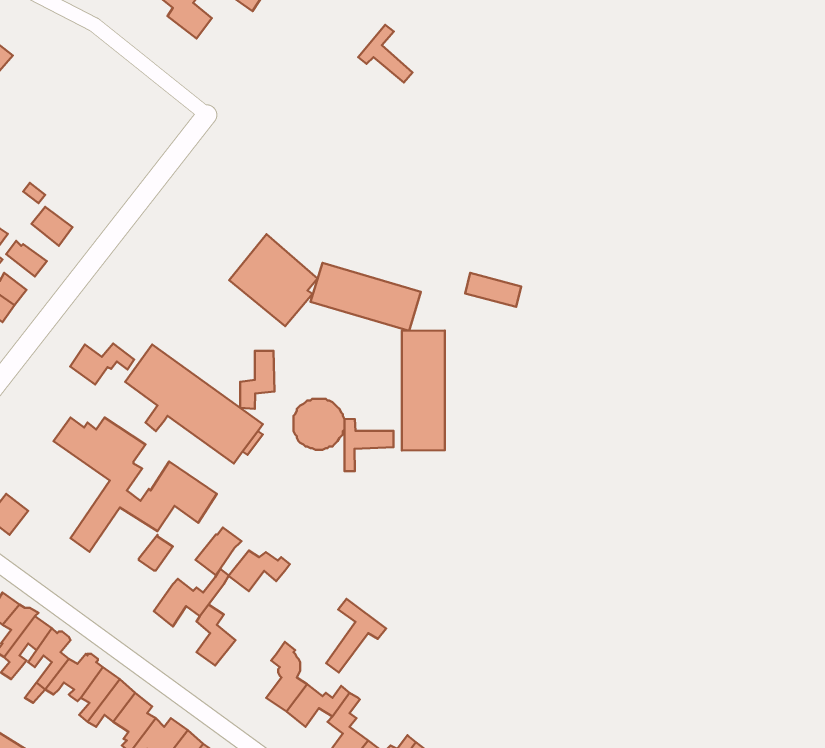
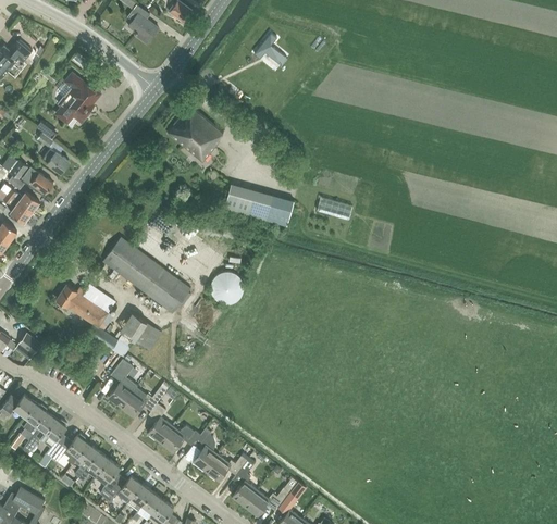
building: none -> [54,71,100,125]
building: [229,234,318,326] -> [165,104,222,163]
building: [402,330,445,451] -> none
building: [70,343,134,385] -> none
building: [240,351,275,409] -> none
building: [344,419,393,471] -> none
building: [195,528,241,575] -> [108,377,137,408]
building: [229,550,290,591] -> [160,426,199,452]
building: [326,599,386,672] -> none

